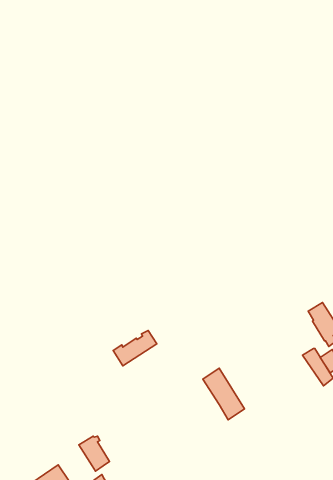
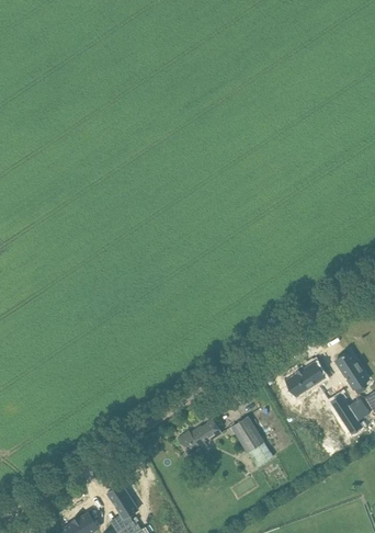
building: none -> [283,362,323,396]
building: [113,331,157,366] -> [177,418,220,453]

